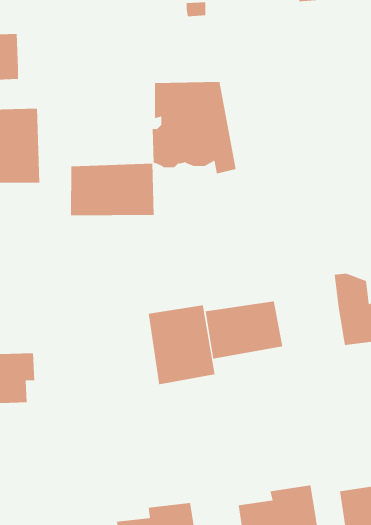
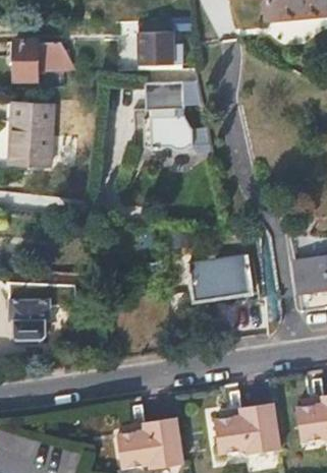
building: none -> [141,32,182,65]
building: none -> [37,42,78,71]
building: [70,163,154,216] -> none
building: [148,304,215,385] -> none

